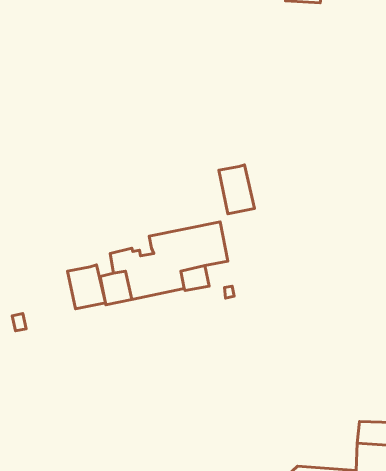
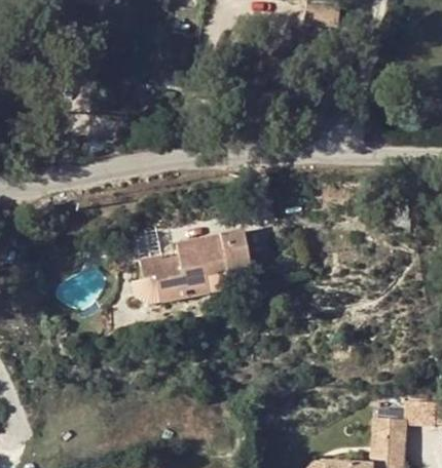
building: [219,165,255,214] -> none
building: [68,265,105,309] -> none

